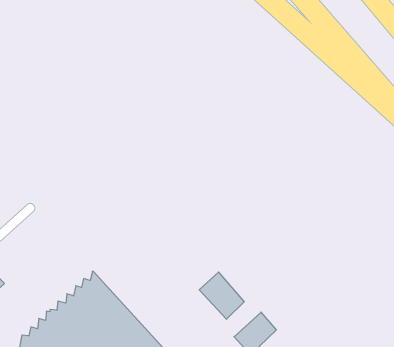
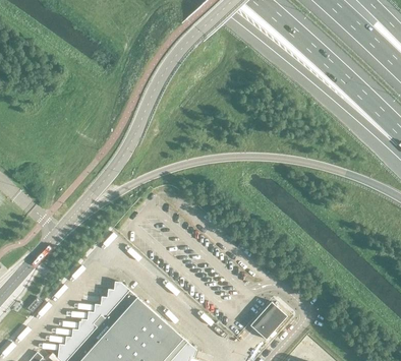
building: [199,272,244,319] -> none

